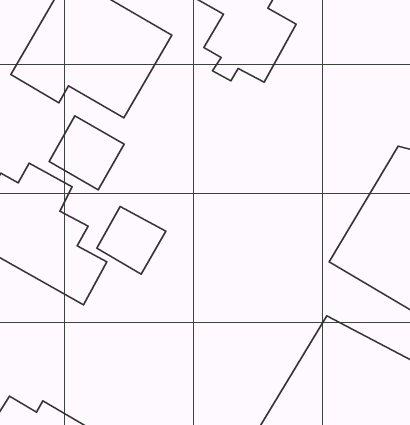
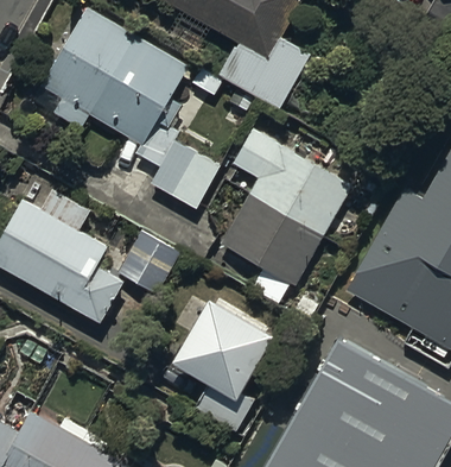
building: none -> [222,127,354,309]
building: [49,116,124,190] -> [150,141,222,213]
building: none -> [176,304,277,430]

